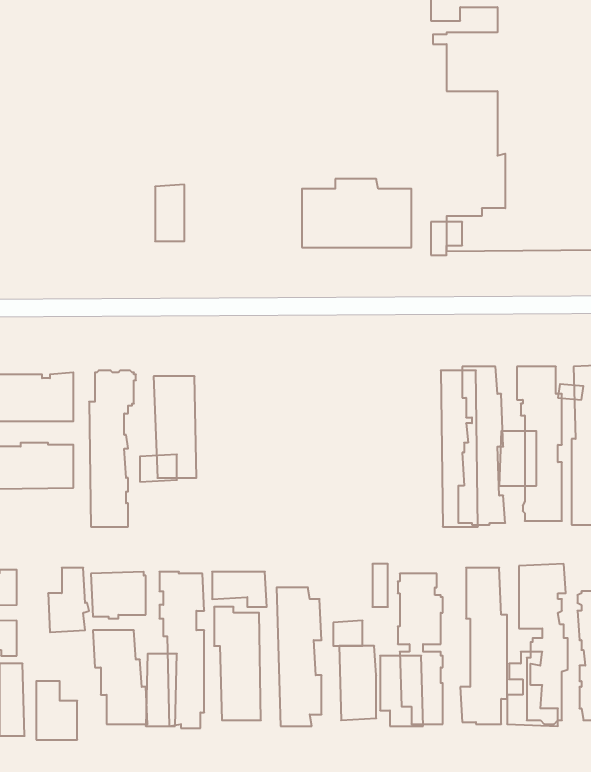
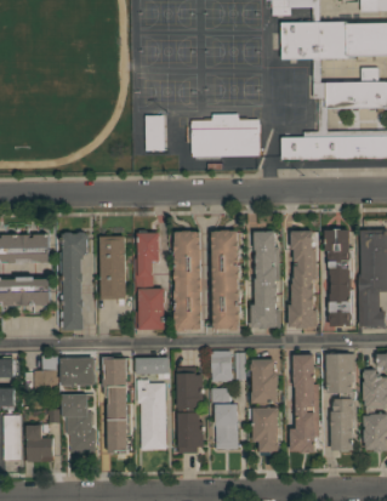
building: [155,185,184,241] -> [146,115,164,150]
building: none -> [175,232,203,331]
building: none -> [212,232,240,330]
building: none -> [251,232,280,329]
building: none -> [135,233,165,330]
building: none -> [211,352,232,382]

